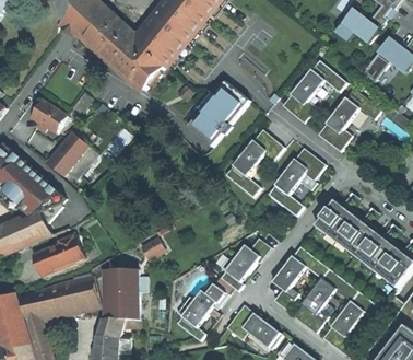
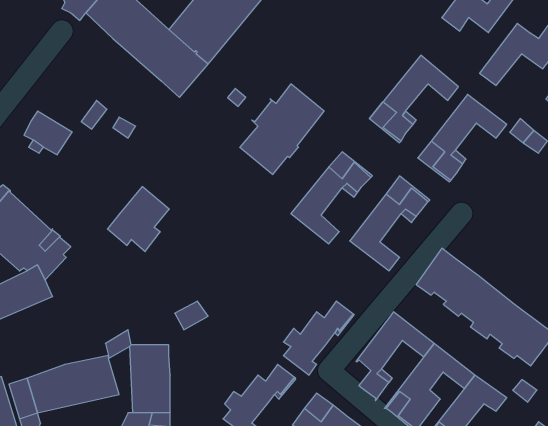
building: [49,133,94,181] -> [107,187,169,252]
building: [32,235,84,276] -> none

